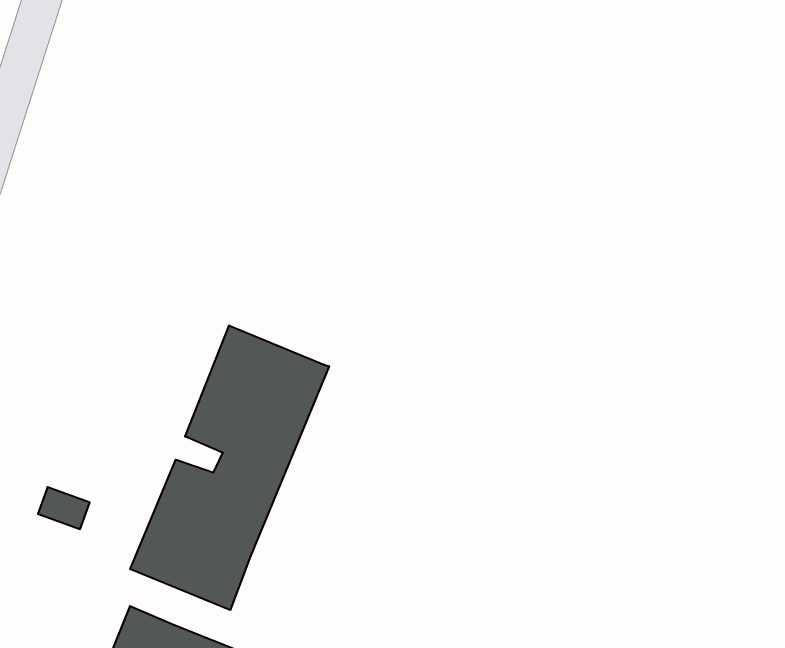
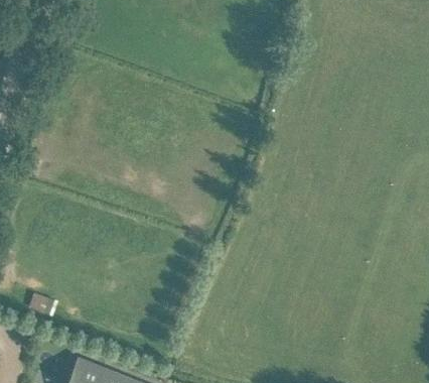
building: [130,325,329,610] -> none

